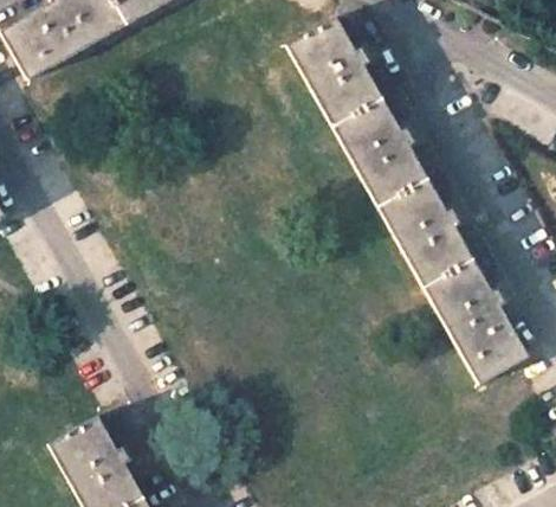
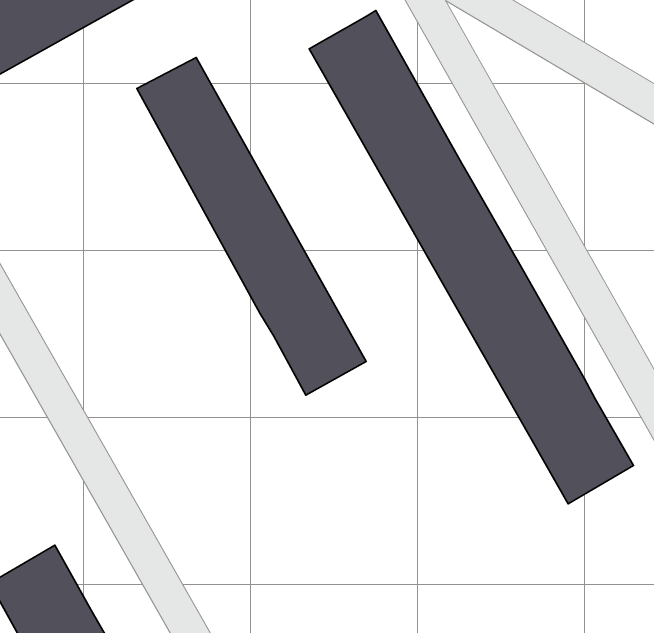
building: none -> [137,57,366,395]

